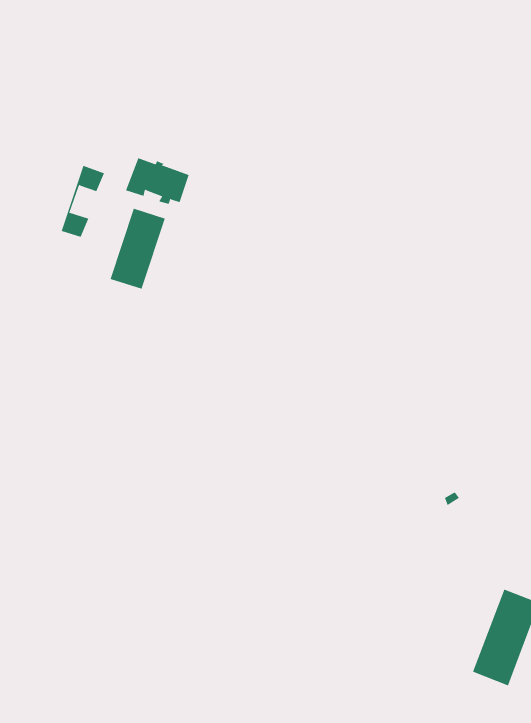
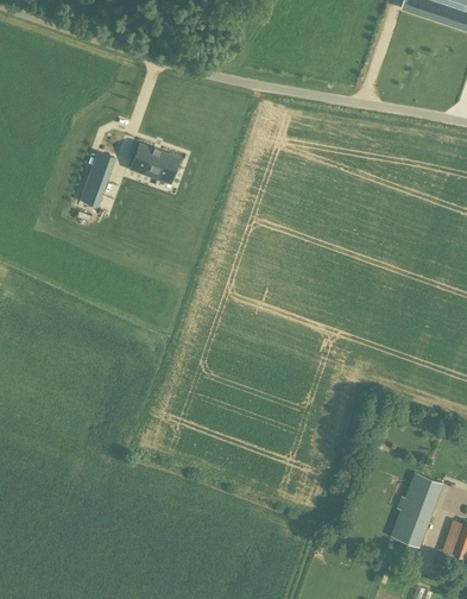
building: [110,208,166,290] -> none

